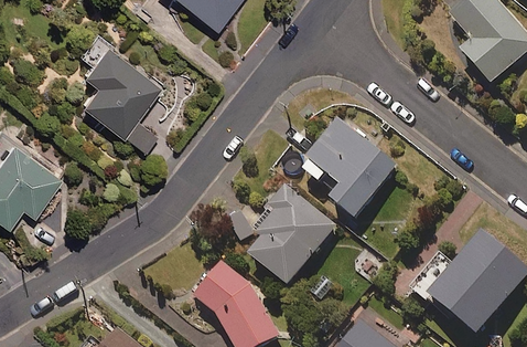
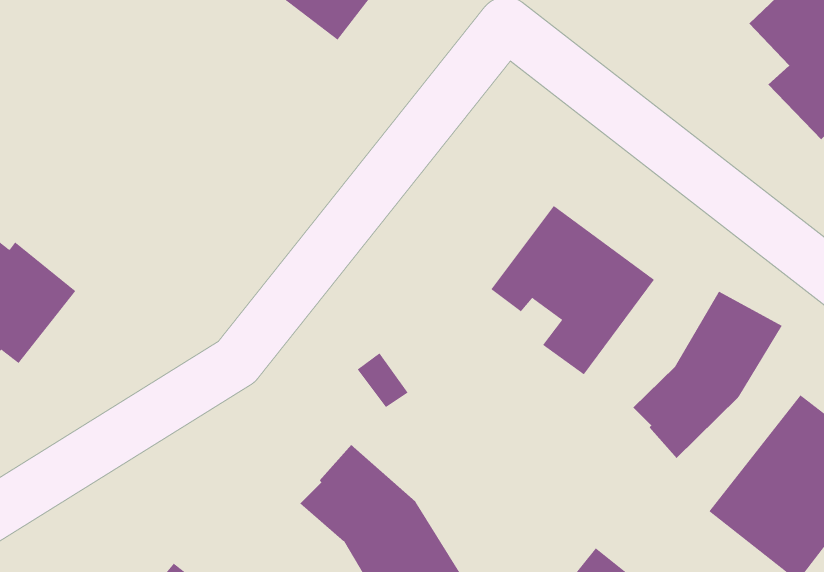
building: [75,29,157,146] -> none
building: none -> [633,291,783,459]
building: [247,182,334,285] -> none

